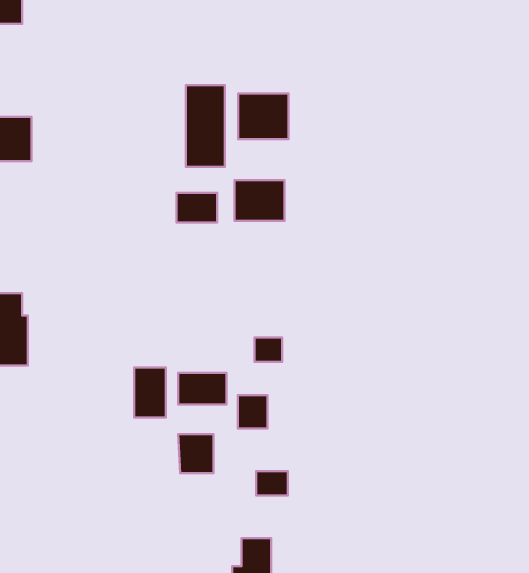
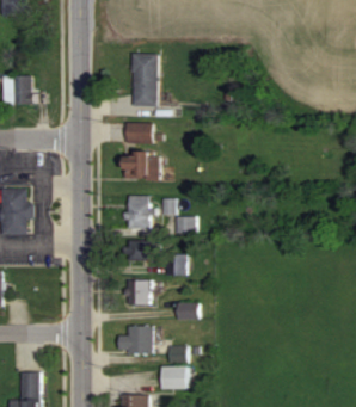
building: [238,93,289,139] -> none
building: [234,180,285,221] -> [125,153,158,179]
building: [134,367,166,417] -> [128,196,148,228]
building: none -> [117,325,153,353]

